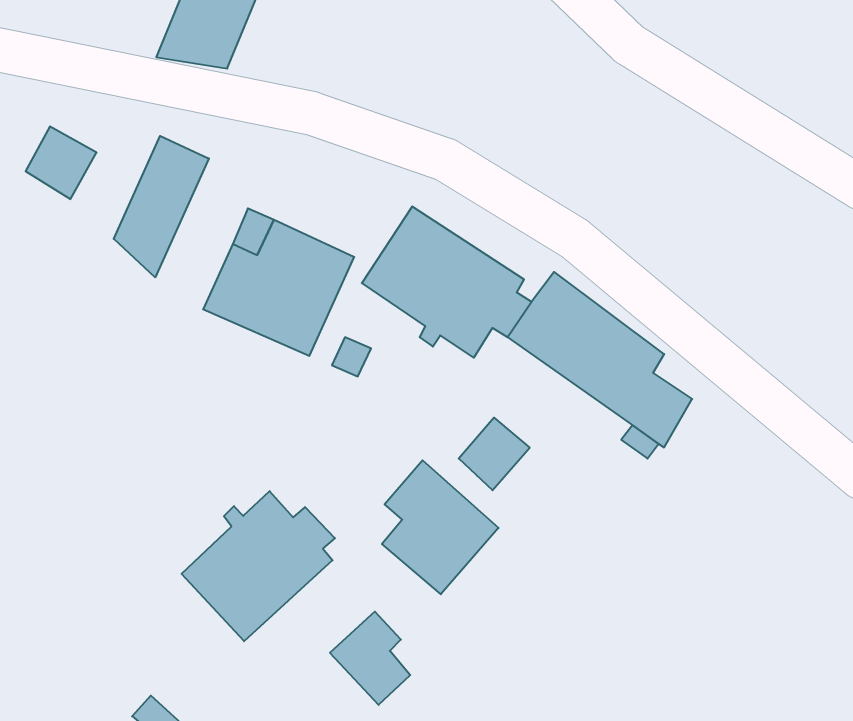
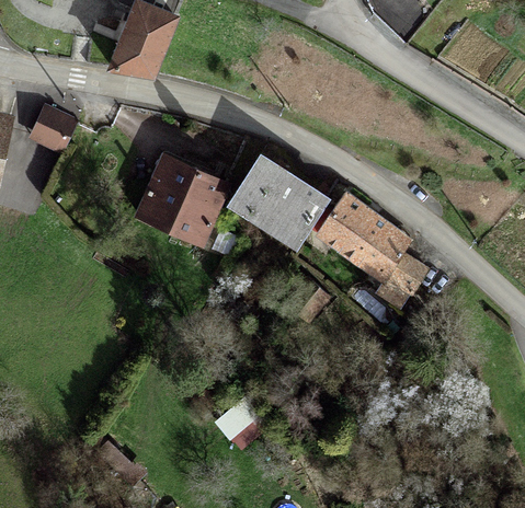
building: [114,136,209,277] -> none
building: [382,460,499,594] -> none
building: [182,491,335,641] -> none

